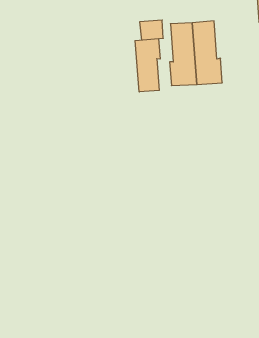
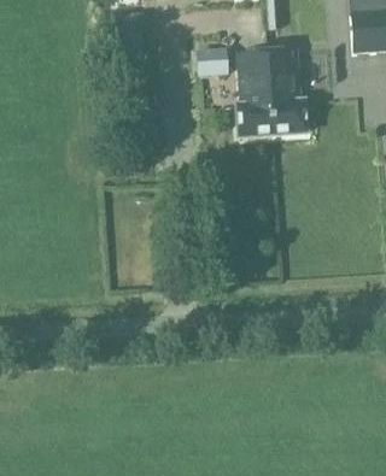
building: [135,39,160,92] -> none

